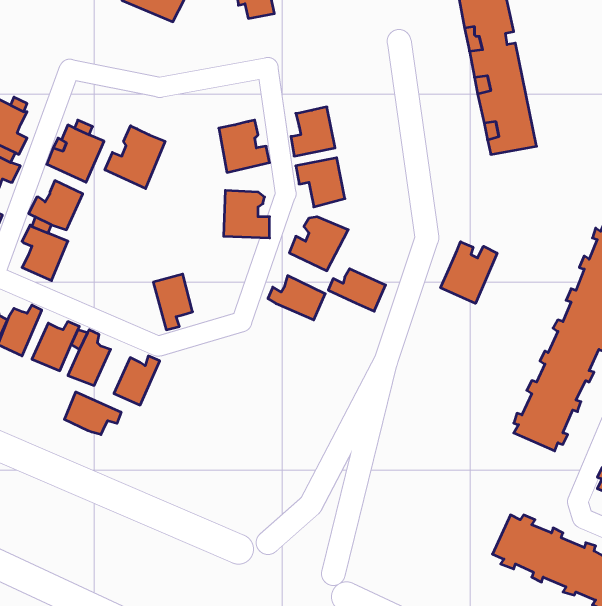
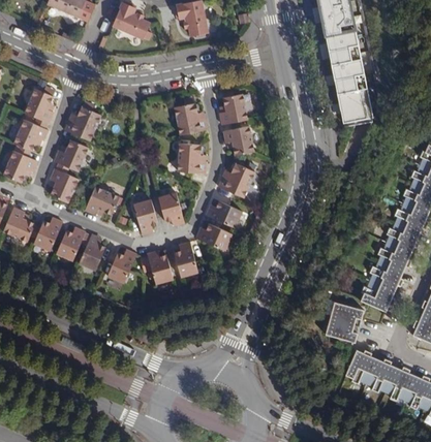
building: [105,126,165,189] -> none
building: [441,242,497,303] -> none
building: none -> [83,186,117,214]
building: none -> [157,192,182,224]
building: [328,269,386,311] -> [193,223,229,250]
building: none -> [173,241,196,275]
building: none -> [146,250,172,282]
building: [64,392,121,435] -> none
building: none -> [325,302,363,341]

